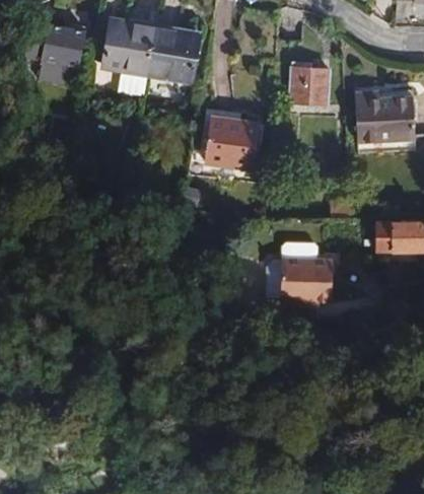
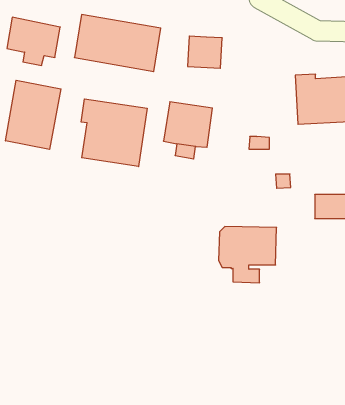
building: [290,68,330,104] -> [188,36,222,68]
building: none -> [6,80,61,149]
building: none -> [81,99,147,167]

